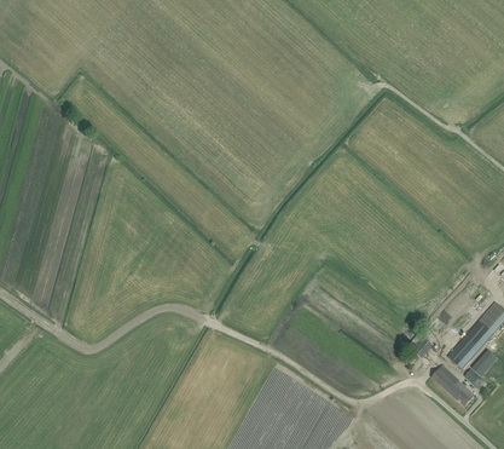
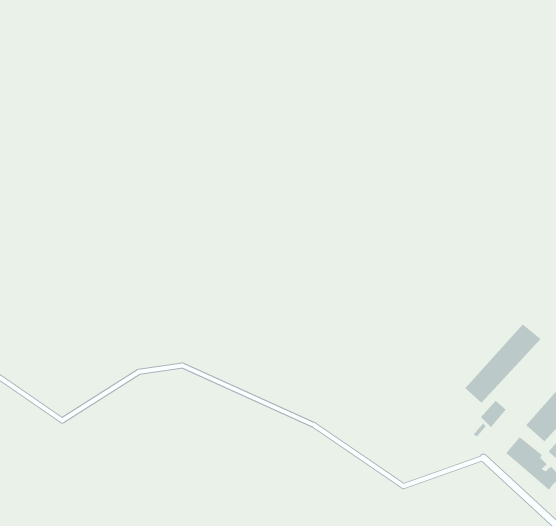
building: none -> [464,324,541,404]

